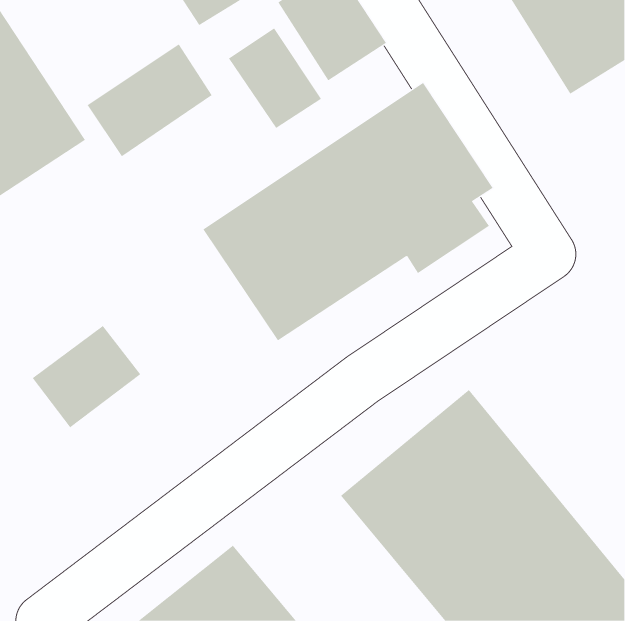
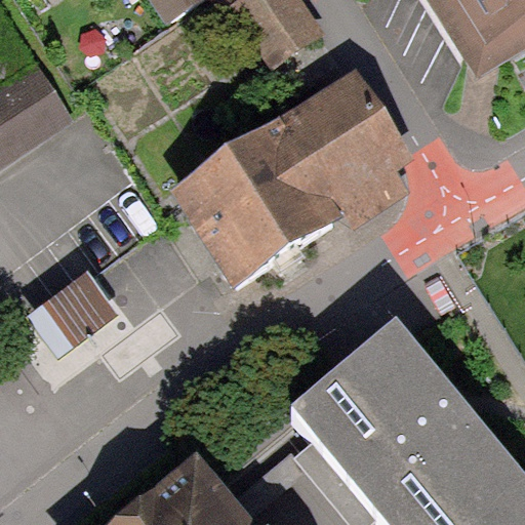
building: [228,28,322,129] -> none
building: [87,44,213,157] -> none

